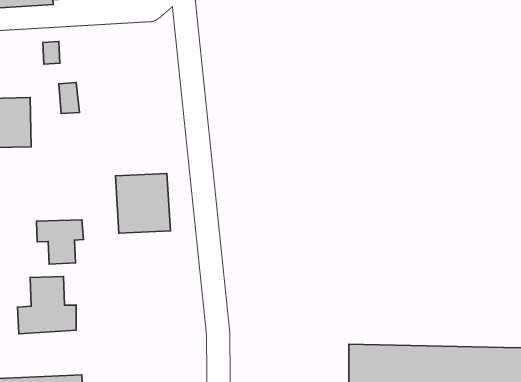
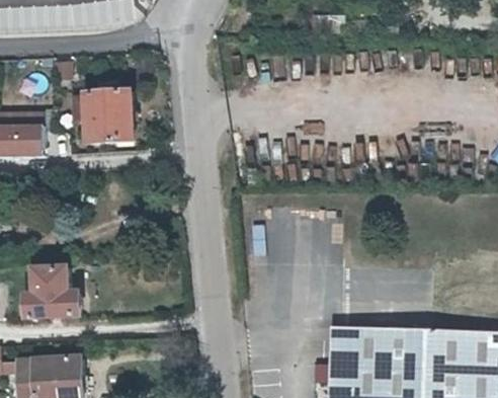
building: [115,173,170,233] -> [88,90,137,143]
building: [36,220,83,264] -> none

